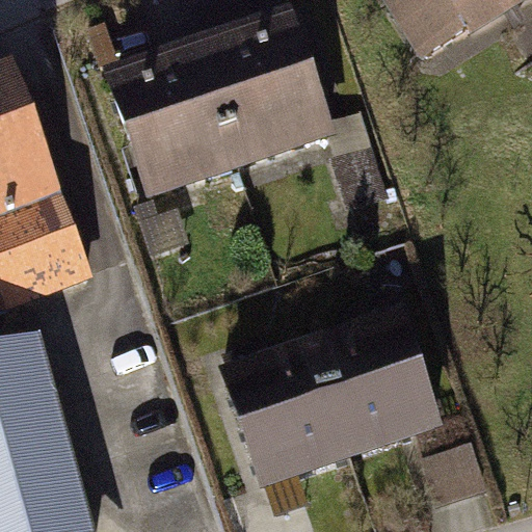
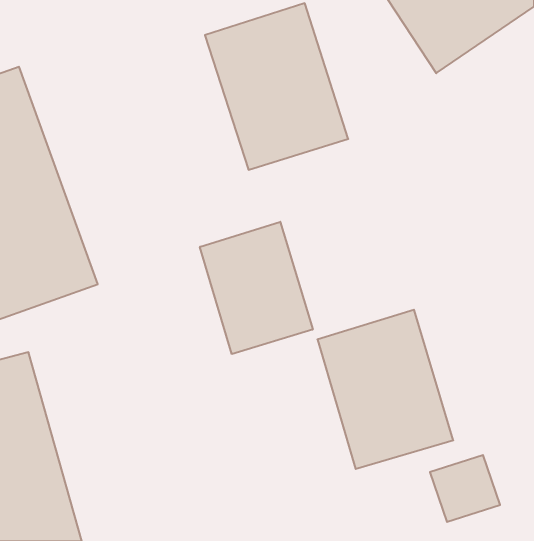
building: [105,34,243,196] -> none
building: none -> [200,222,313,354]
building: [215,332,348,488] -> none

